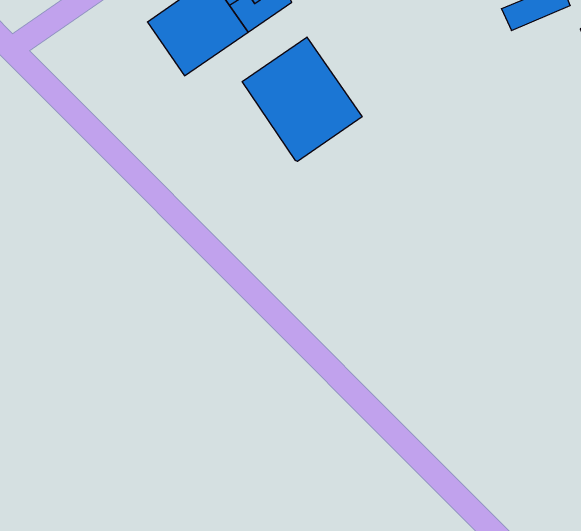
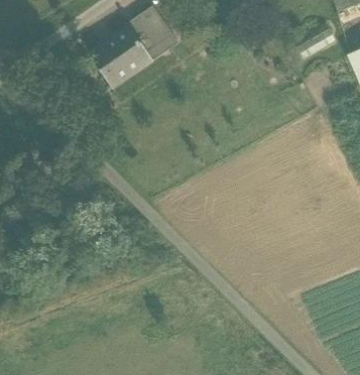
building: [242,37,362,161] -> none

